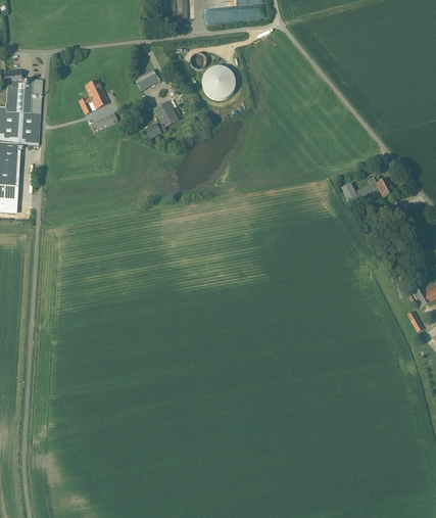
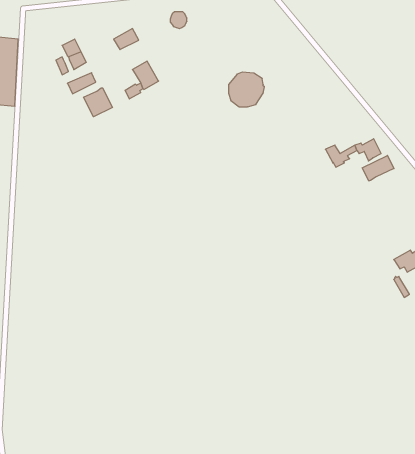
building: [201,65,236,99] -> [229,72,264,107]
building: none -> [84,88,112,117]
building: none -> [362,155,394,181]

